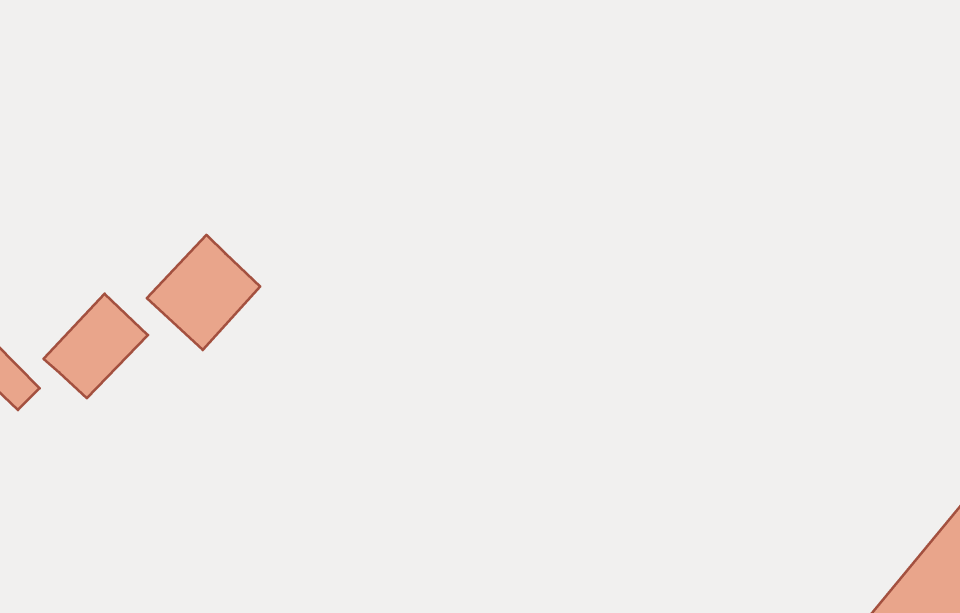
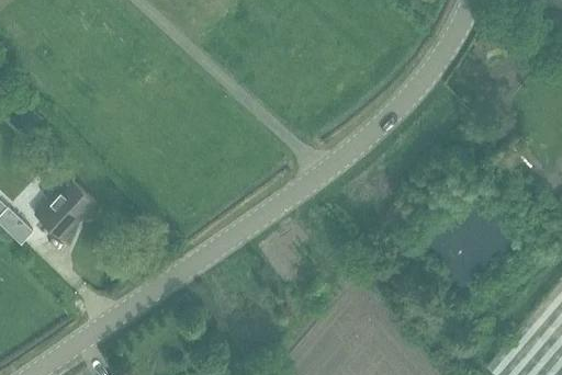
building: [147,235,260,350] -> none

